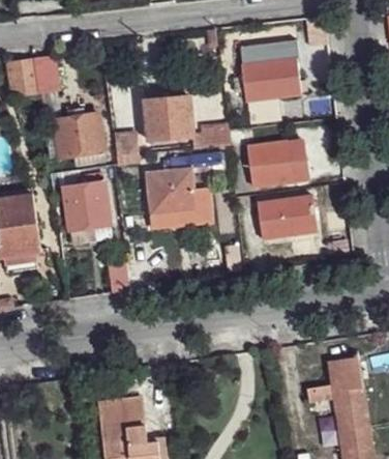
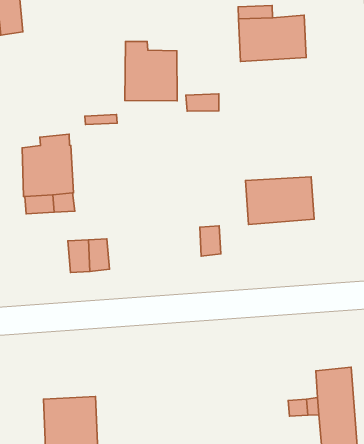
building: [55,114,106,163] -> none
building: [247,142,294,187] -> none
building: [147,152,226,216] -> none

